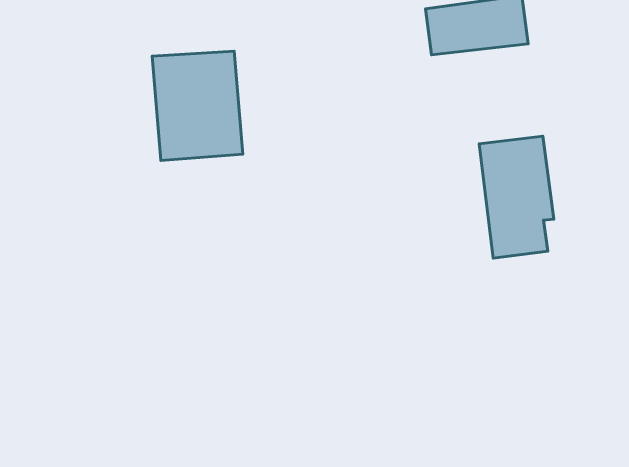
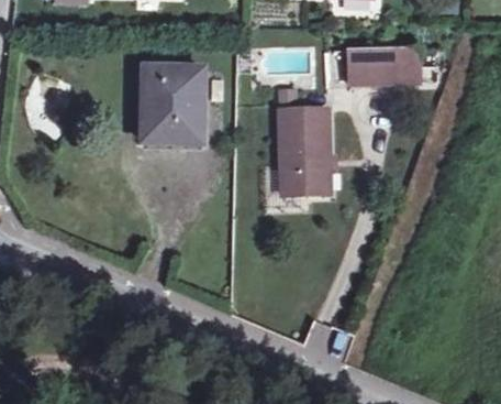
building: [479,136,554,258] -> [276,109,325,195]

